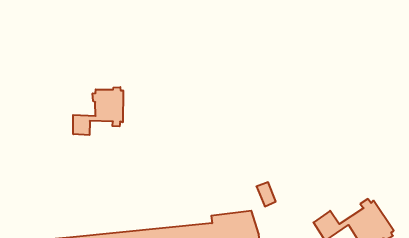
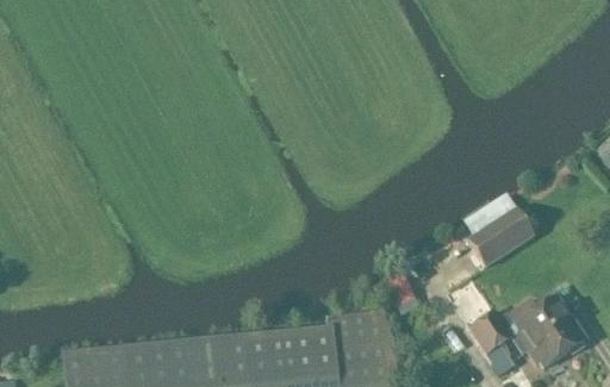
building: [73,87,123,135] -> none
building: none -> [468,207,534,264]

